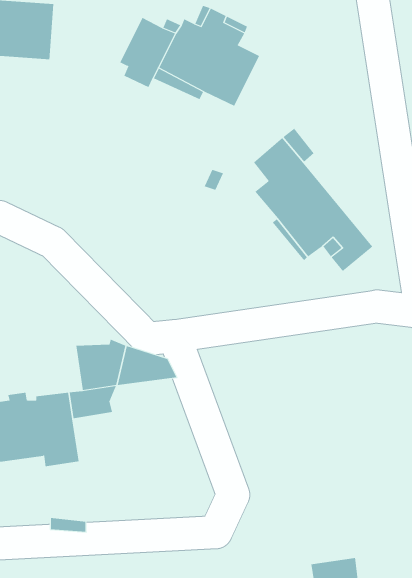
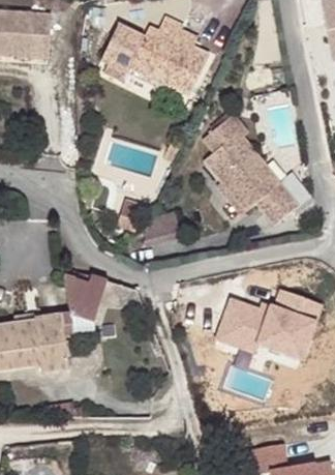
building: none -> [213,287,322,364]

